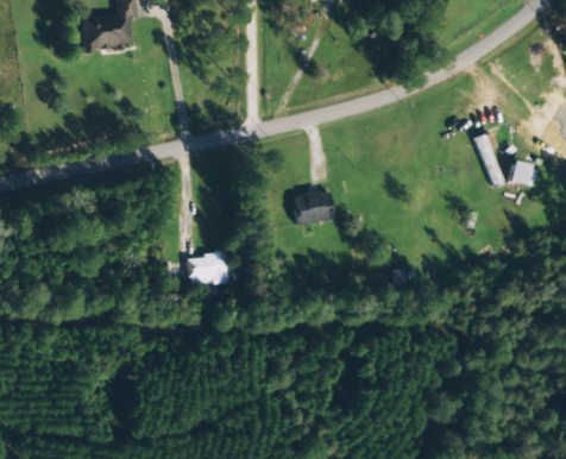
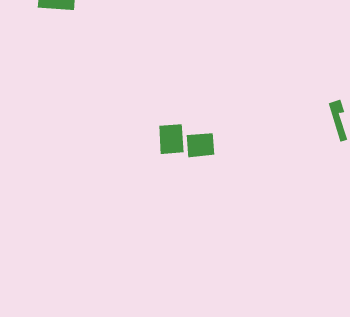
building: none -> [159,123,184,155]
building: [188,254,227,279] -> none

